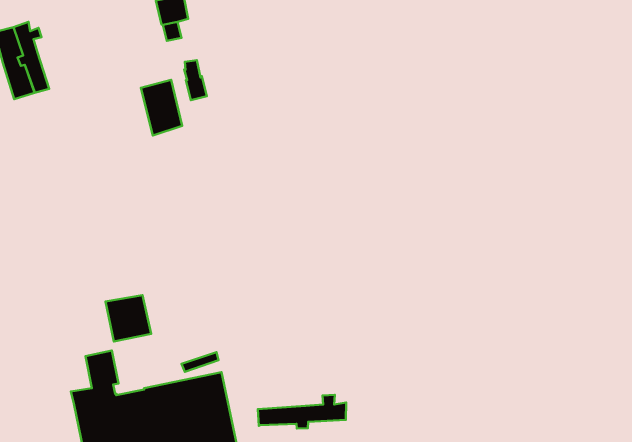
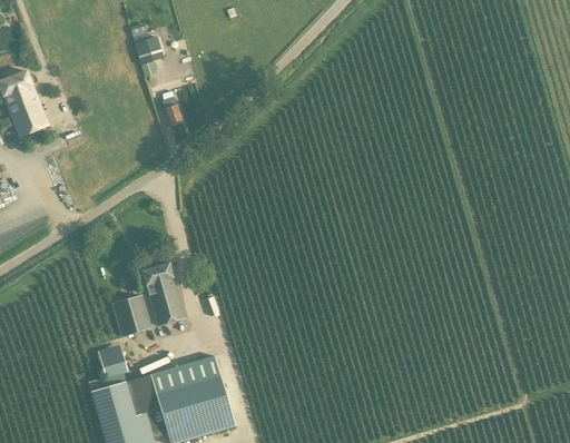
building: [141,80,182,135] -> none
building: none -> [142,263,186,326]
building: [258,395,346,428] -> none

